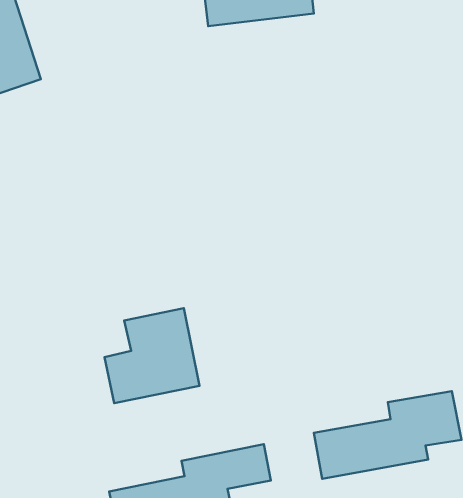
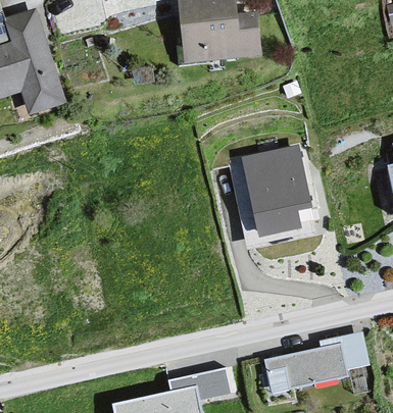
building: none -> [243,141,313,239]
building: [105,308,200,403] -> none

